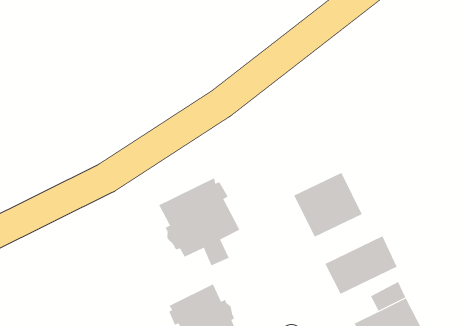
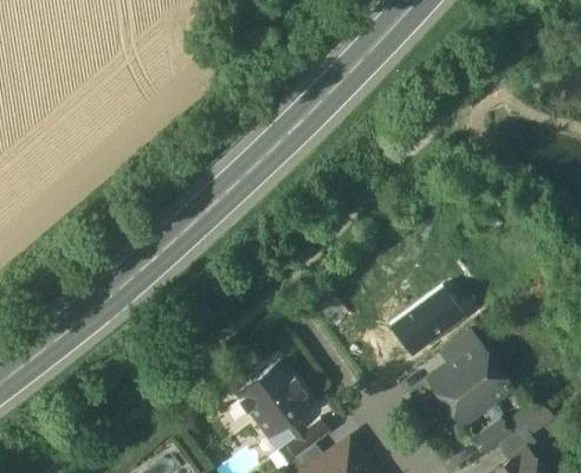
building: [293,172,362,238] -> none
building: [156,177,243,266] -> none

